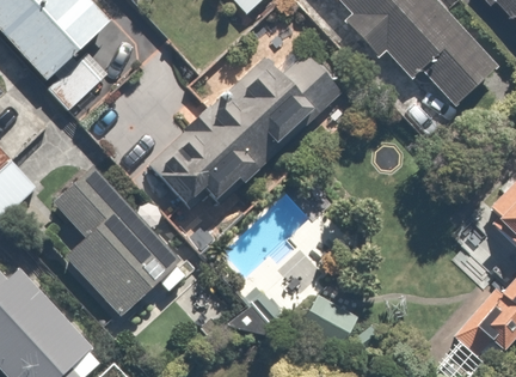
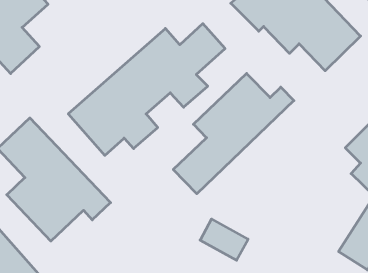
building: none -> [173,73,294,194]

